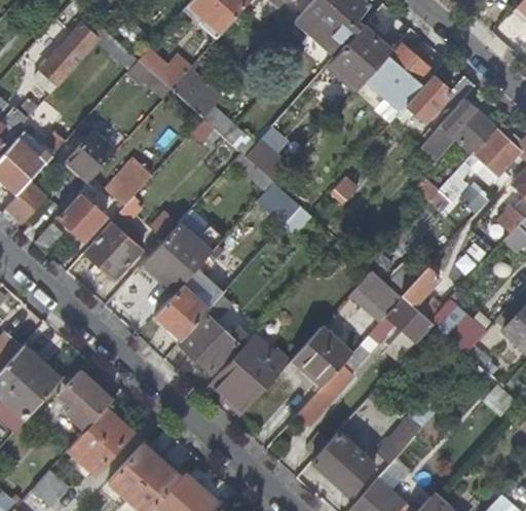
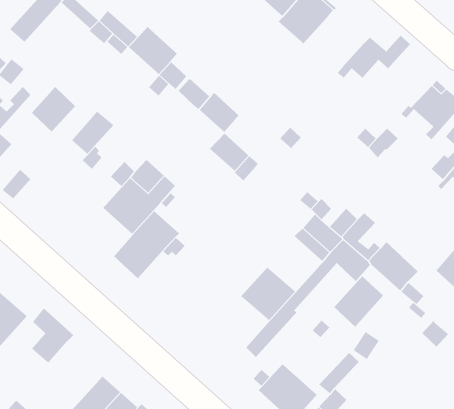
building: [367,43,429,109] -> none
building: [421,99,494,159] -> none
building: [57,179,106,241] -> none
building: [83,222,141,280] -> none
building: [180,315,237,372] -> none
building: [212,334,290,414] -> none
building: none -> [333,276,384,327]
building: [68,407,133,474] -> none

